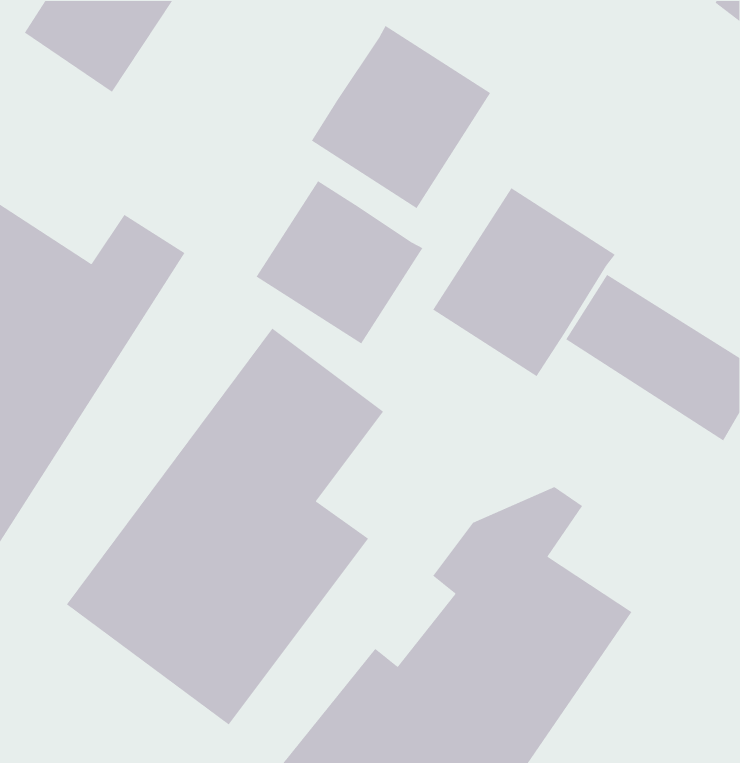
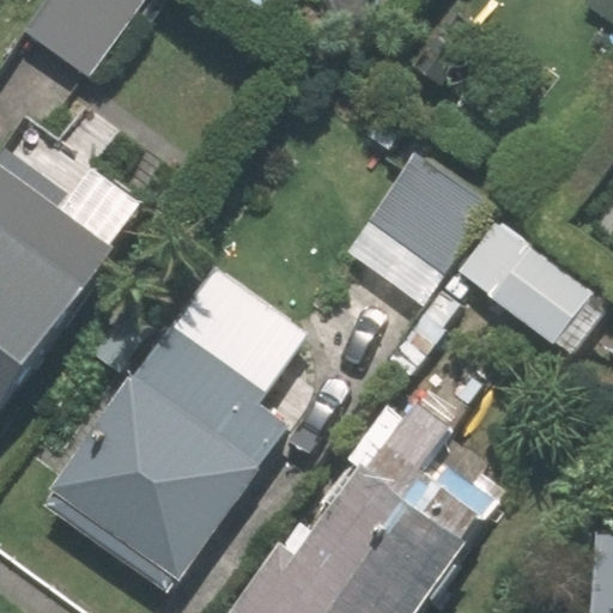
building: [311,25,491,209] -> none
building: [256,180,424,345] -> none

